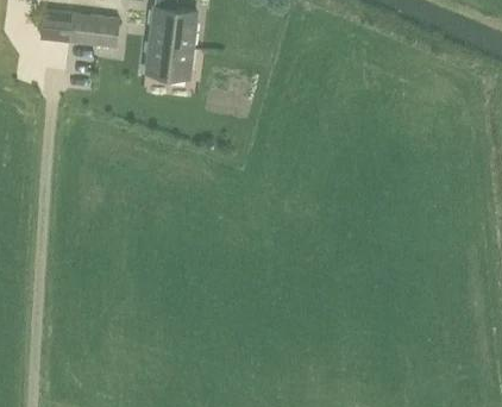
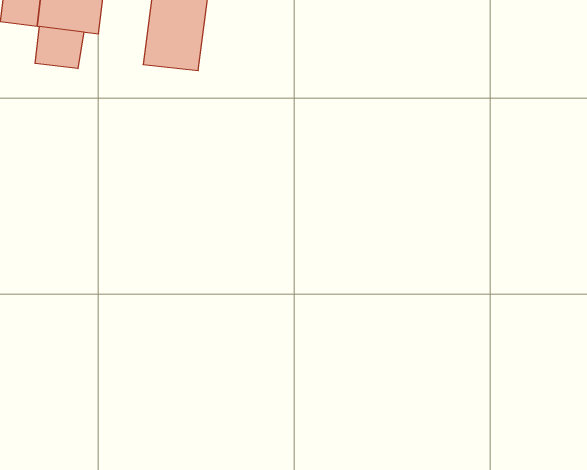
building: none -> [35,26,84,69]

